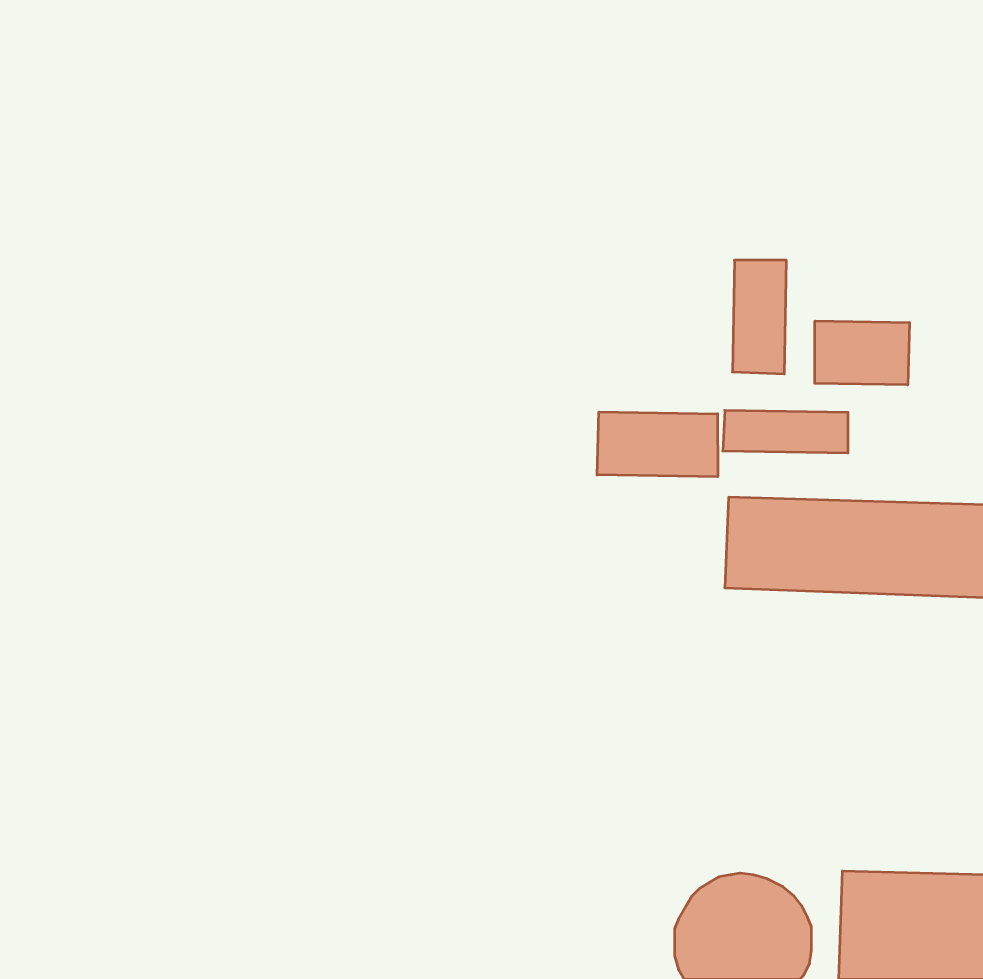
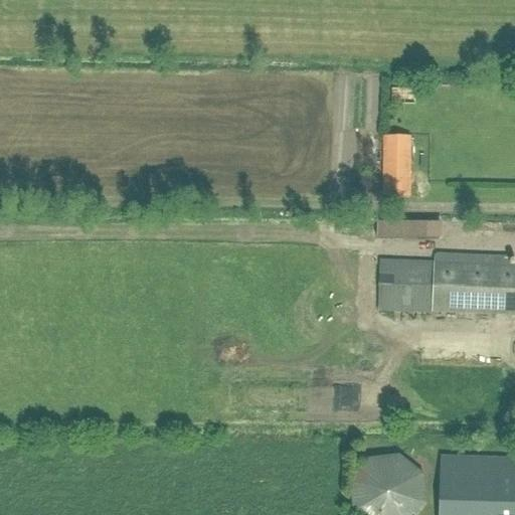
building: [815,321,910,385] -> none
building: [597,412,718,477] -> none

